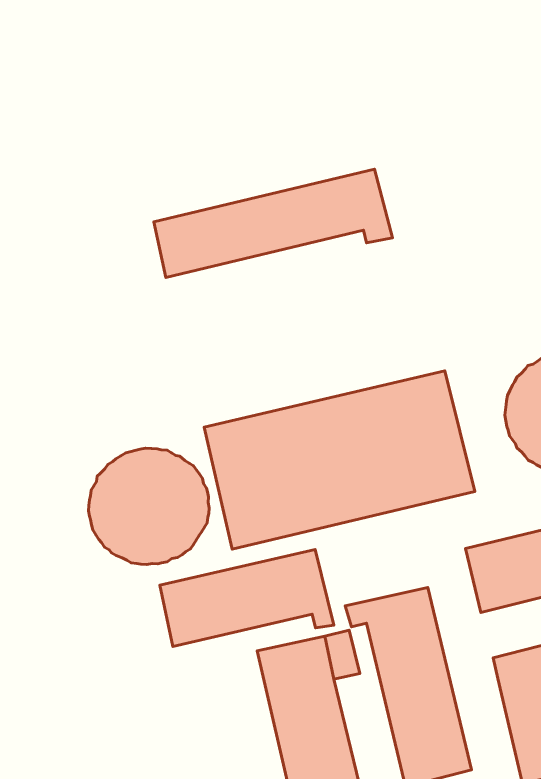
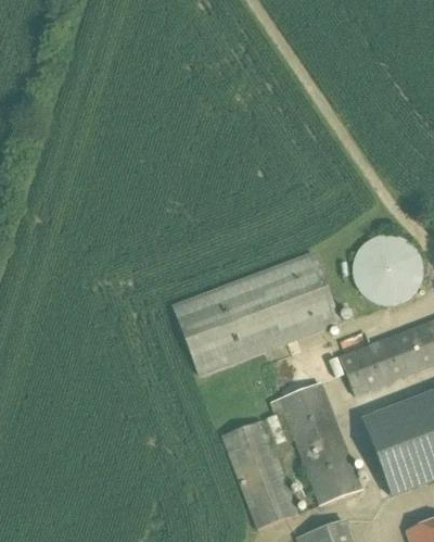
building: [154,169,392,277] -> none
building: [88,448,209,565] -> none
building: [160,549,334,647] -> none

